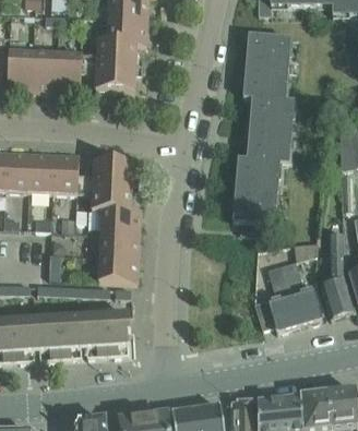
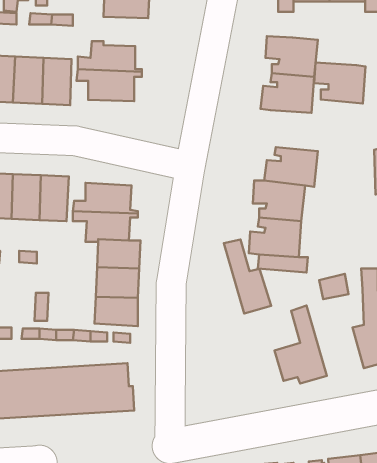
building: [109,16,147,43] -> none
building: [251,96,295,131] -> [314,63,365,103]
building: [283,260,323,323] -> [224,239,271,313]

